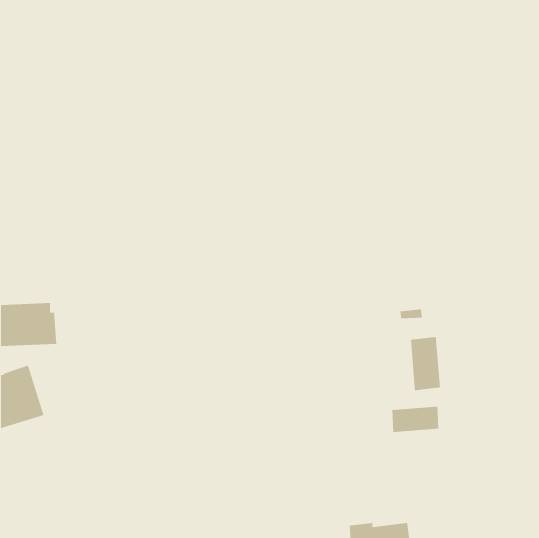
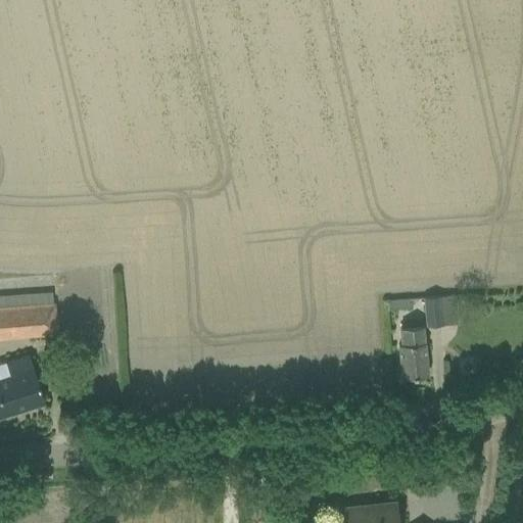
building: none -> [424,296,459,328]
building: [392,406,439,433] -> none

